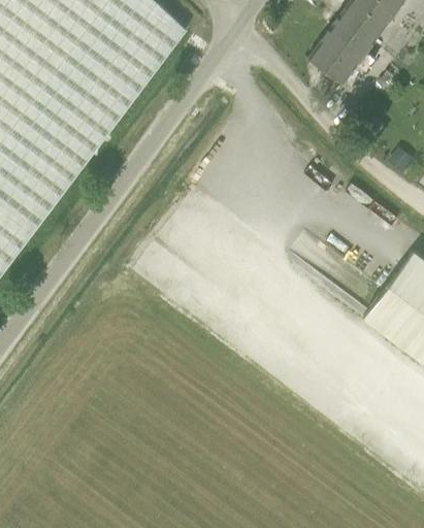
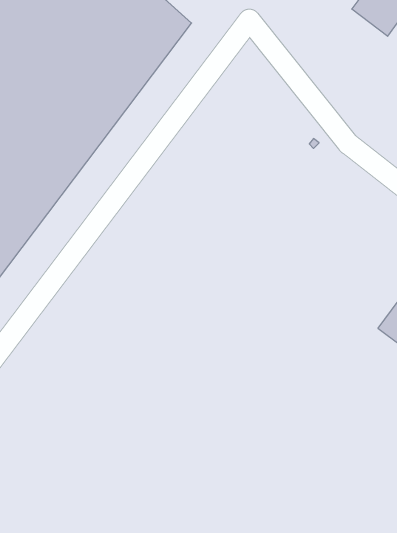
building: [307,15,371,82] -> none

